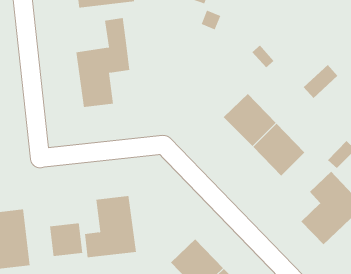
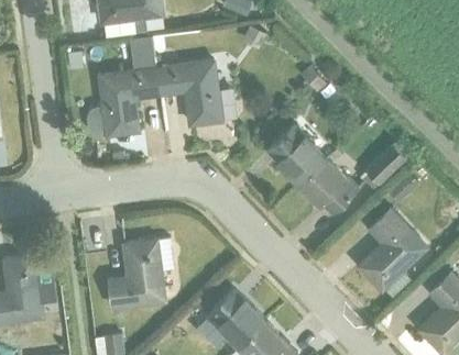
building: none -> [155,58,222,126]
building: [303,64,338,99] -> [365,146,406,186]
building: [50,222,83,257] -> none

